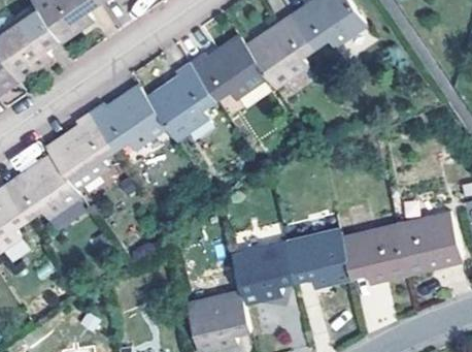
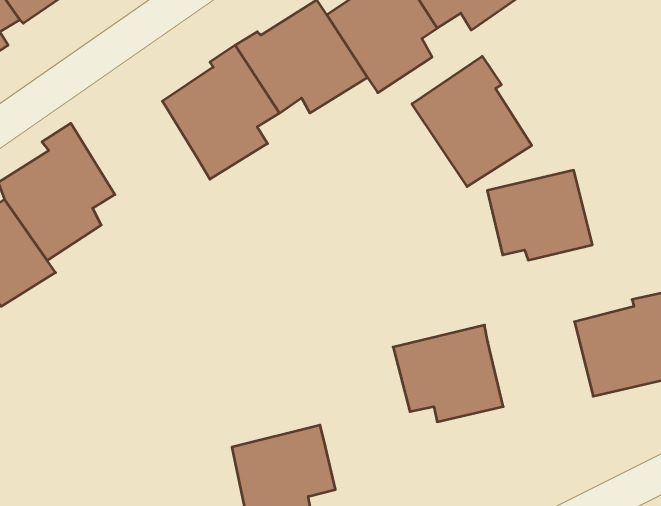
building: none -> [412,56,532,187]
building: [90,82,167,150] -> none
building: [343,227,407,282] -> [487,170,592,260]
building: [232,243,296,302] -> none

